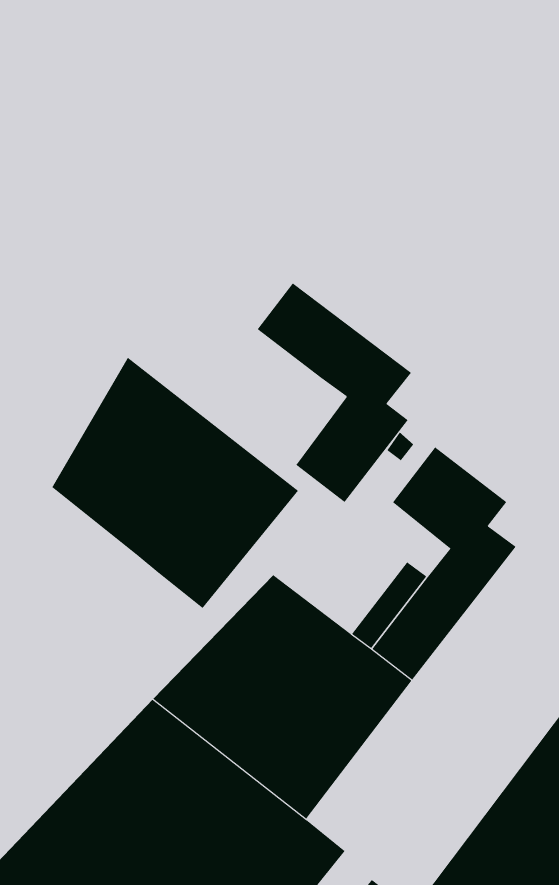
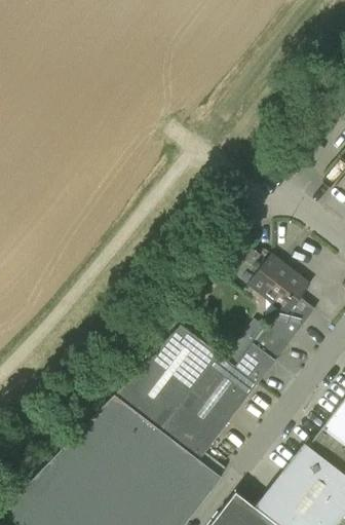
building: [257,282,412,503] -> none
building: [51,357,299,609] -> none

